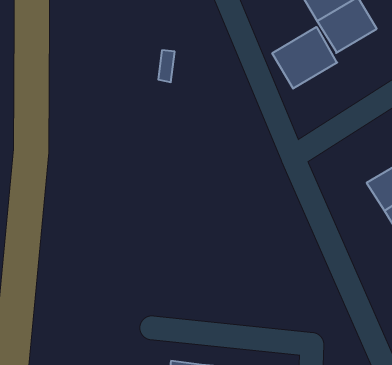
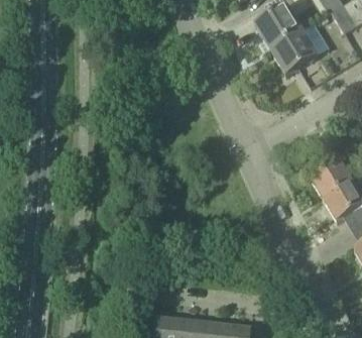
building: [272,27,337,89] -> none

